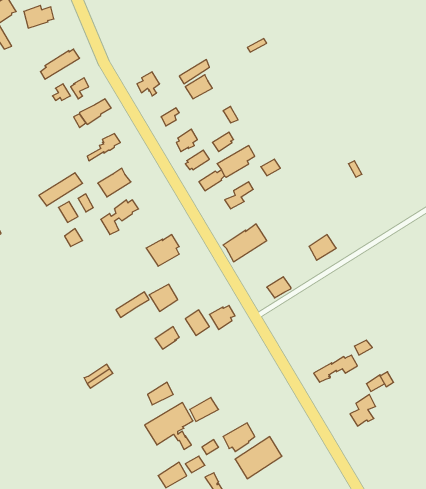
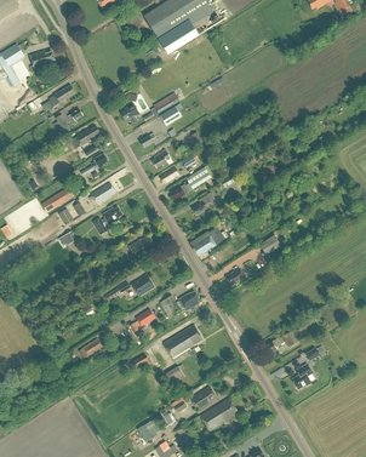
building: [145,403,193,449] -> [162,324,201,361]

